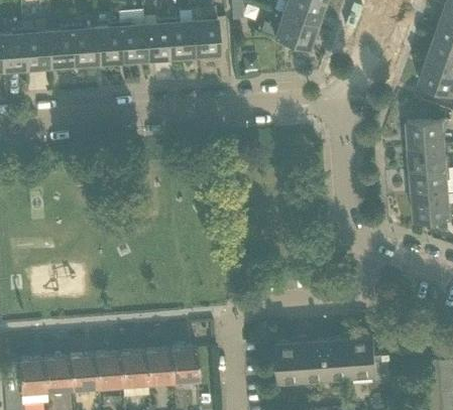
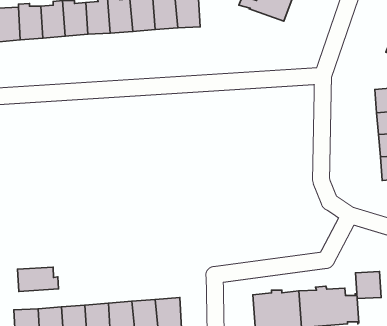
building: none -> [17,267,59,292]
building: none -> [356,272,381,299]

